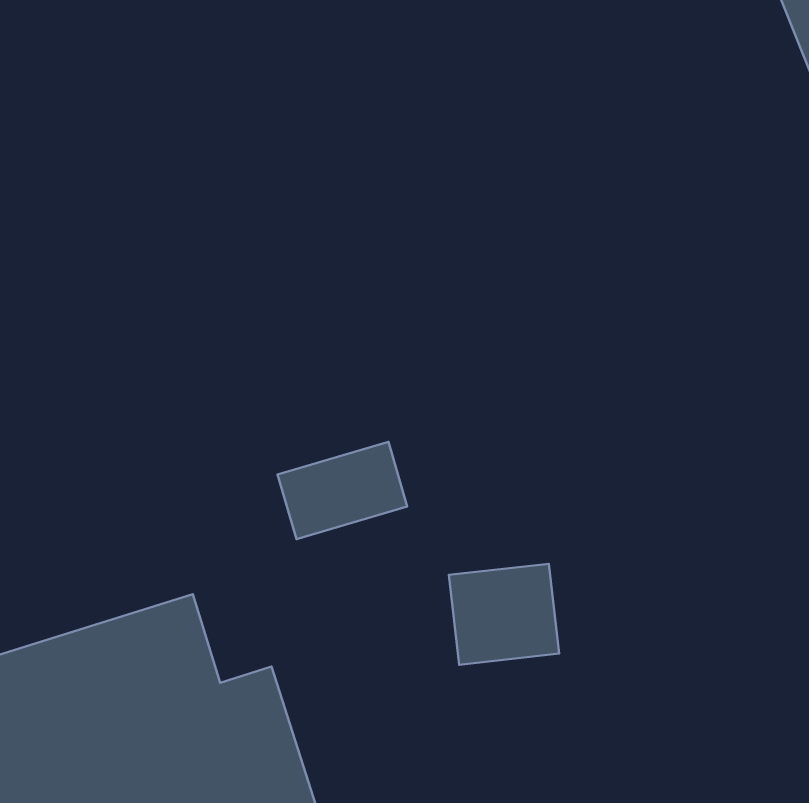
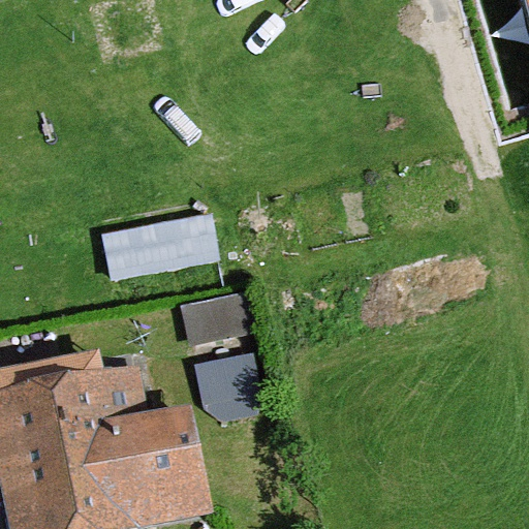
building: none -> [104,214,223,281]
building: [449,564,559,665] -> [203,356,264,412]

